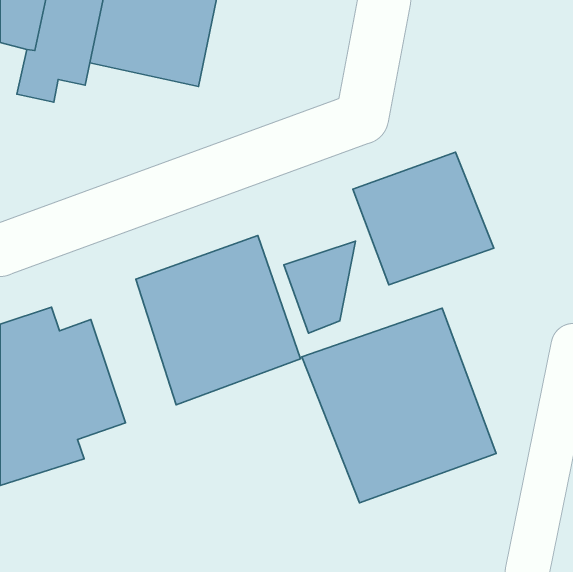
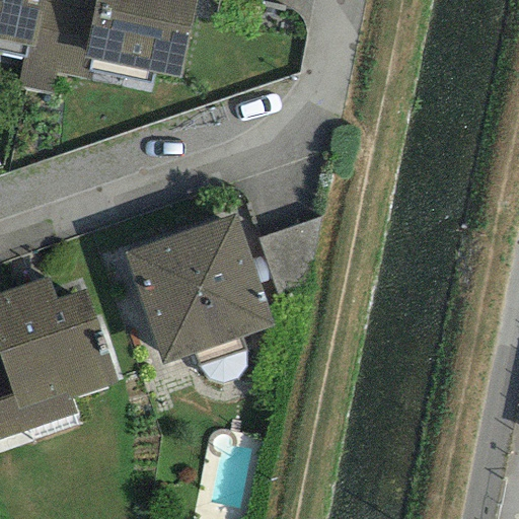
building: [353,152,494,285] -> none
building: [302,308,496,503] -> none

